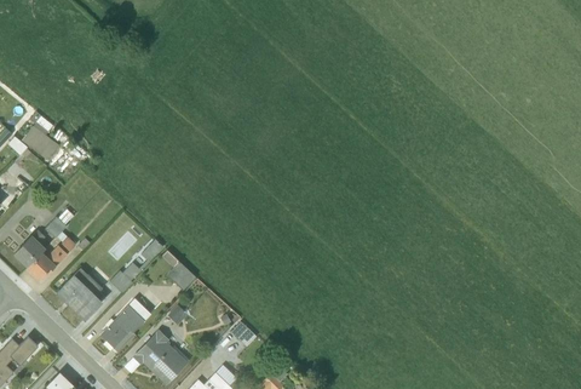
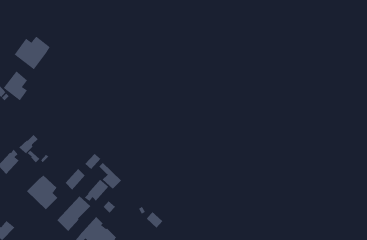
building: none -> [14,36,50,70]
building: [27,245,68,280] -> none
building: none -> [84,179,109,202]

